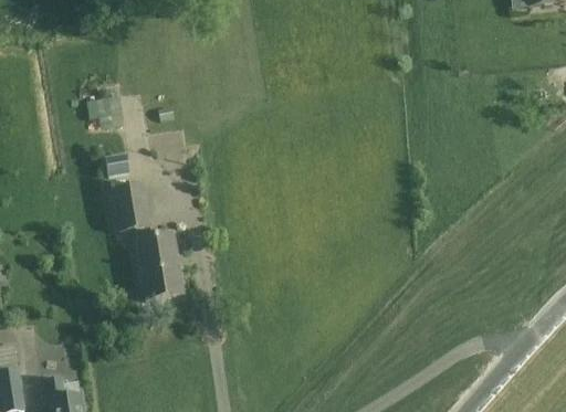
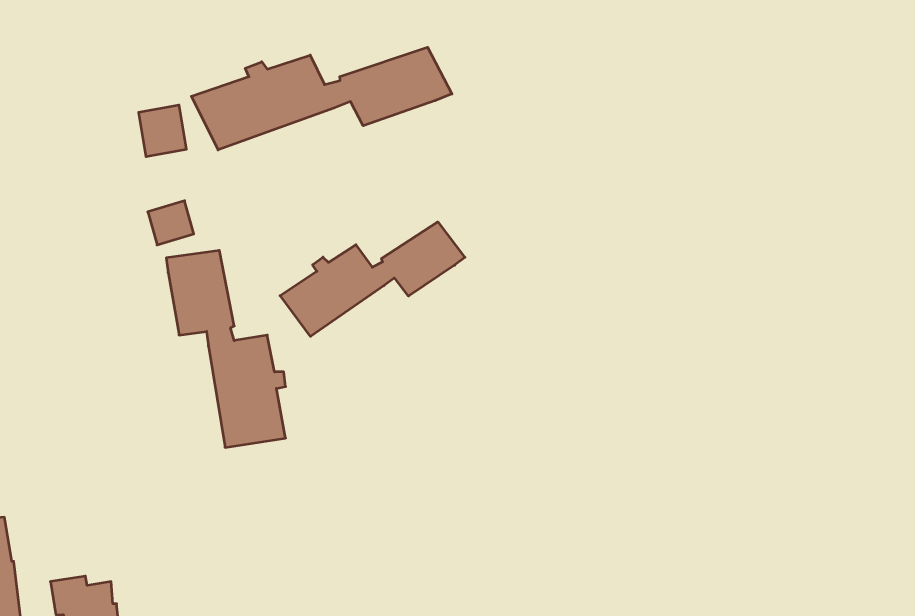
building: none -> [191,47,452,150]
building: none -> [280,222,465,336]

